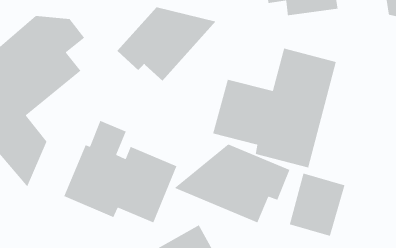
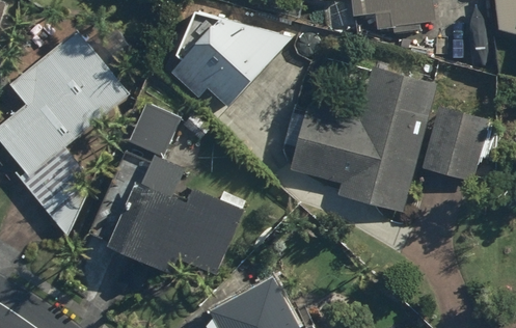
building: none -> [128,103,179,157]
building: [174,143,291,224] -> none
building: [289,172,345,237] -> [419,105,487,182]

